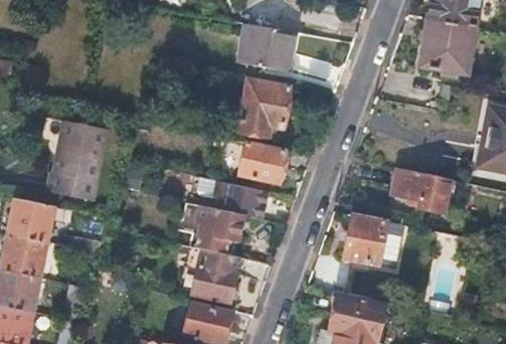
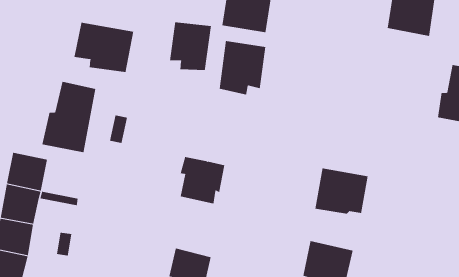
building: none -> [170,22,211,71]
building: none -> [74,22,134,73]
building: [238,142,286,183] -> none
building: [391,168,451,219] -> none
building: [217,180,268,218] -> none
building: [181,247,240,302] -> none

